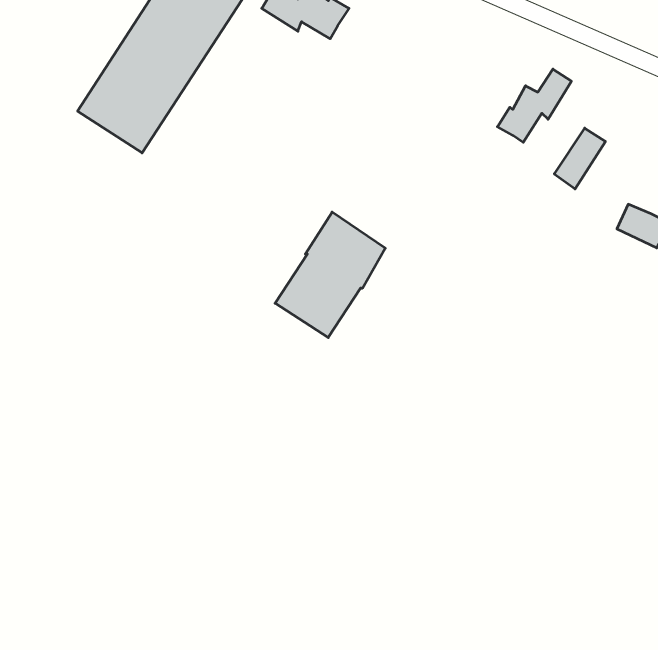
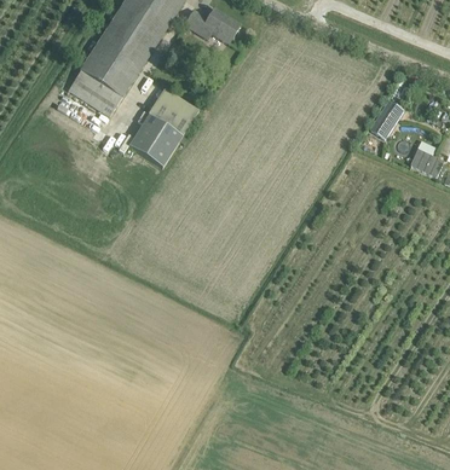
building: [497,69,571,142] -> none
building: [275,212,385,338] -> [127,87,197,167]

